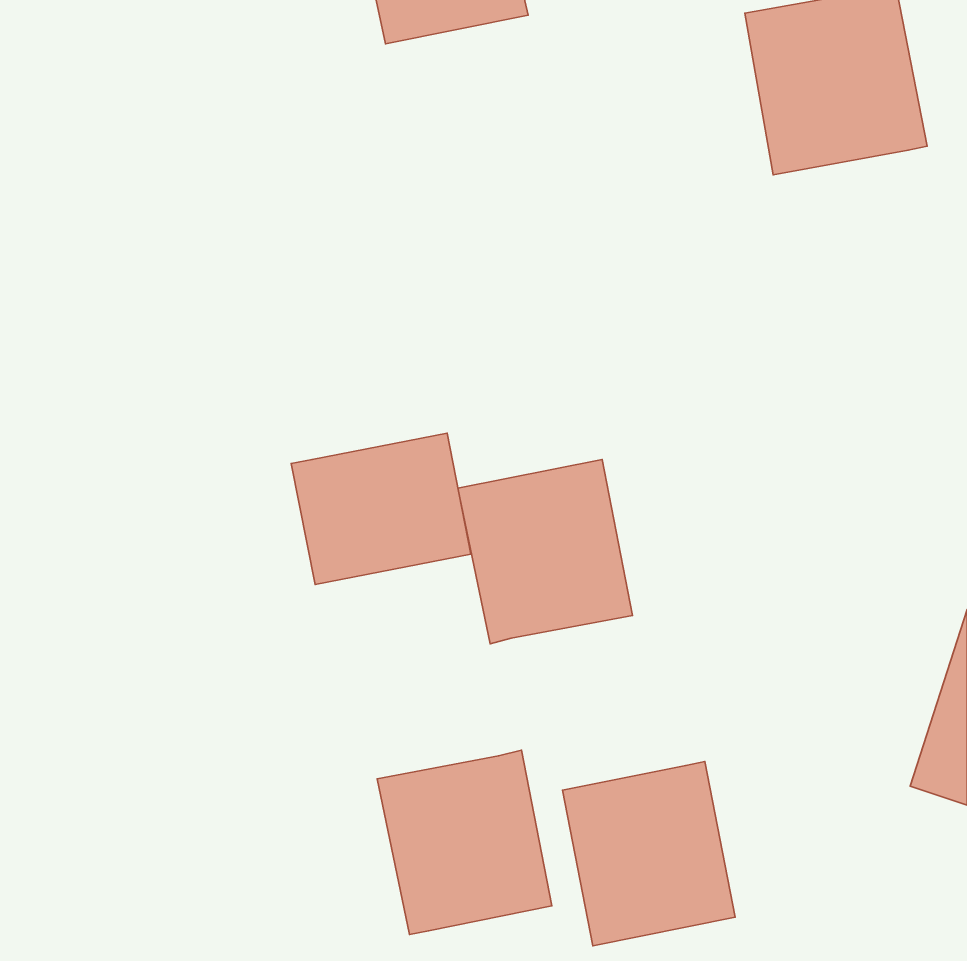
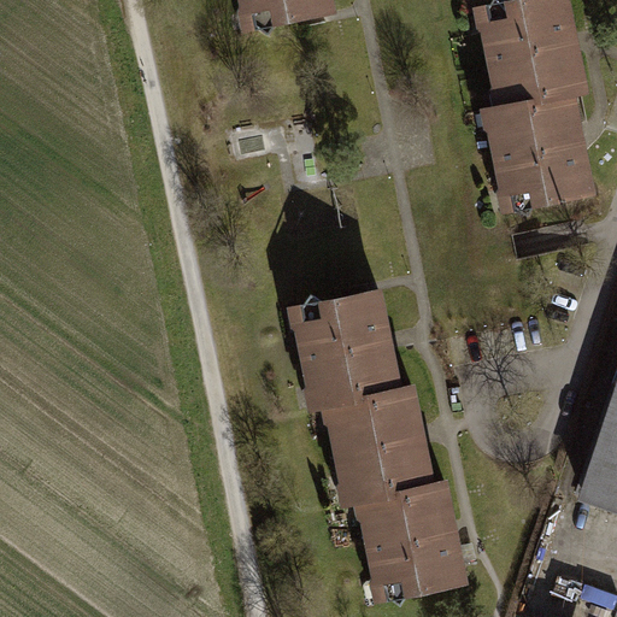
building: none -> [480,95,594,215]
building: [291,433,471,584] -> none
building: [377,750,552,934] -> [324,387,435,504]

